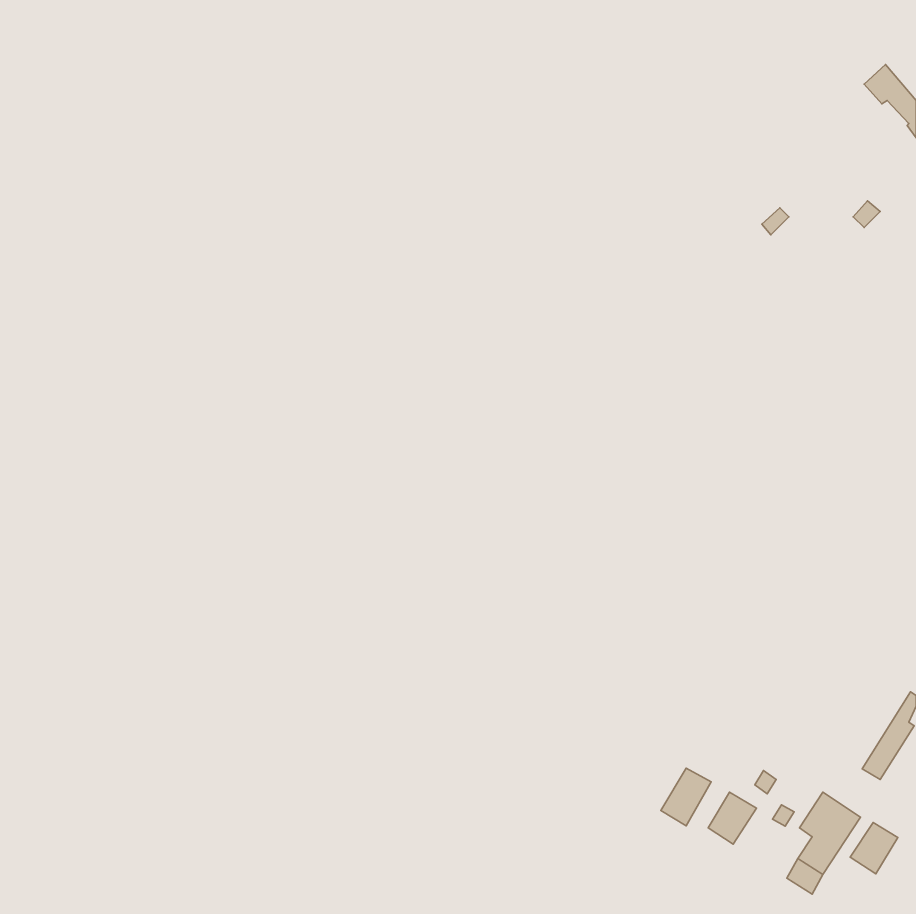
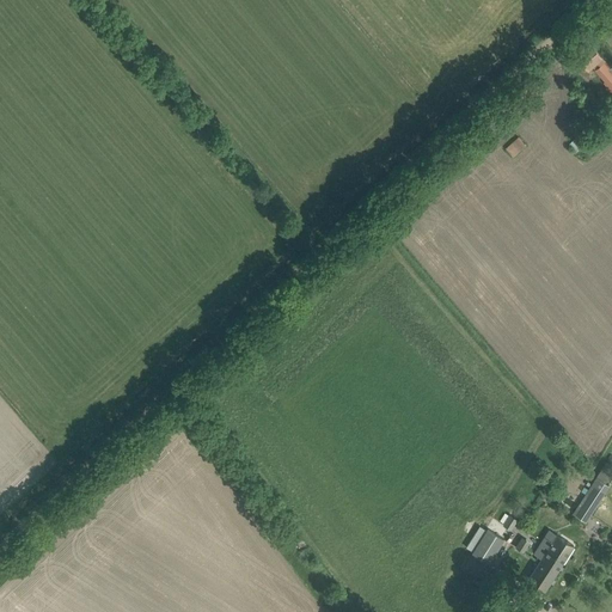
building: [661,768,711,826] -> none
building: [850,822,898,874] -> none

